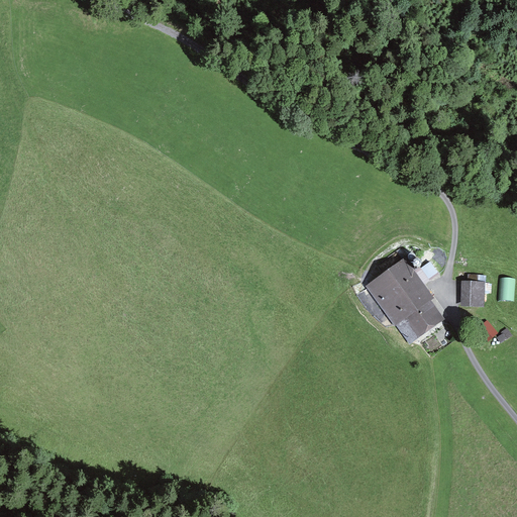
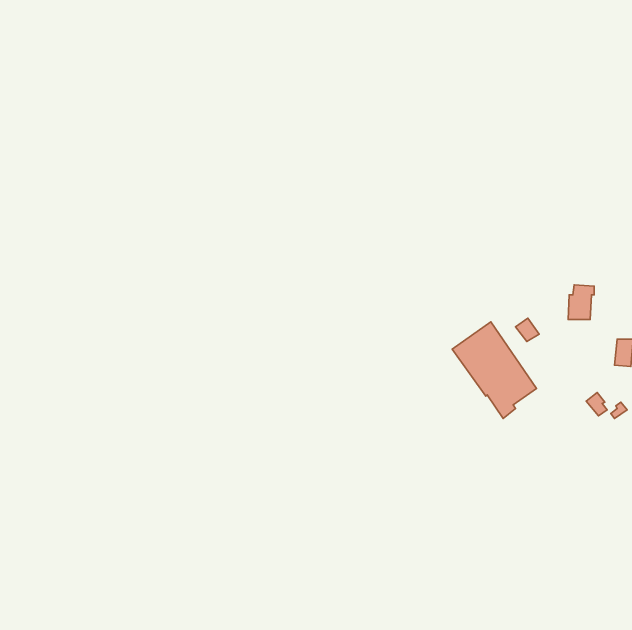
building: [464,274,486,302] -> [568,285,594,320]

